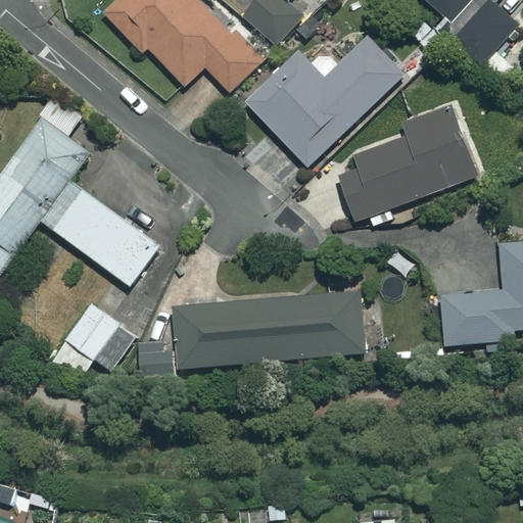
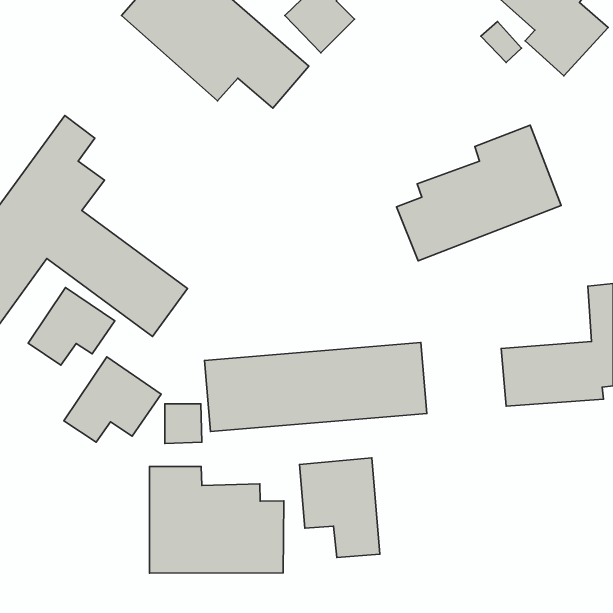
building: [246,38,402,165] -> none
building: none -> [28,287,115,365]
building: none -> [299,458,380,557]
building: none -> [150,466,284,573]

